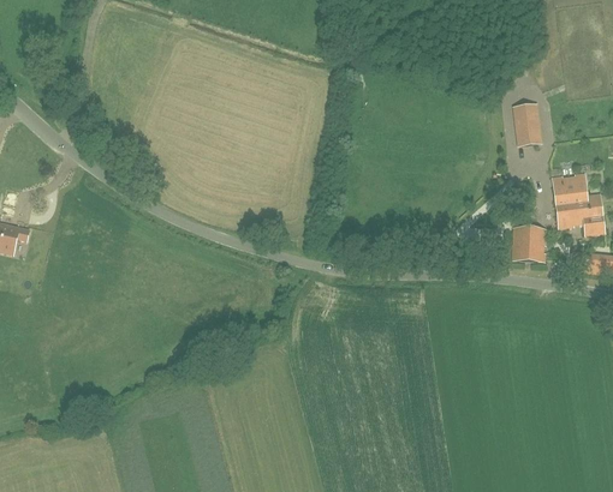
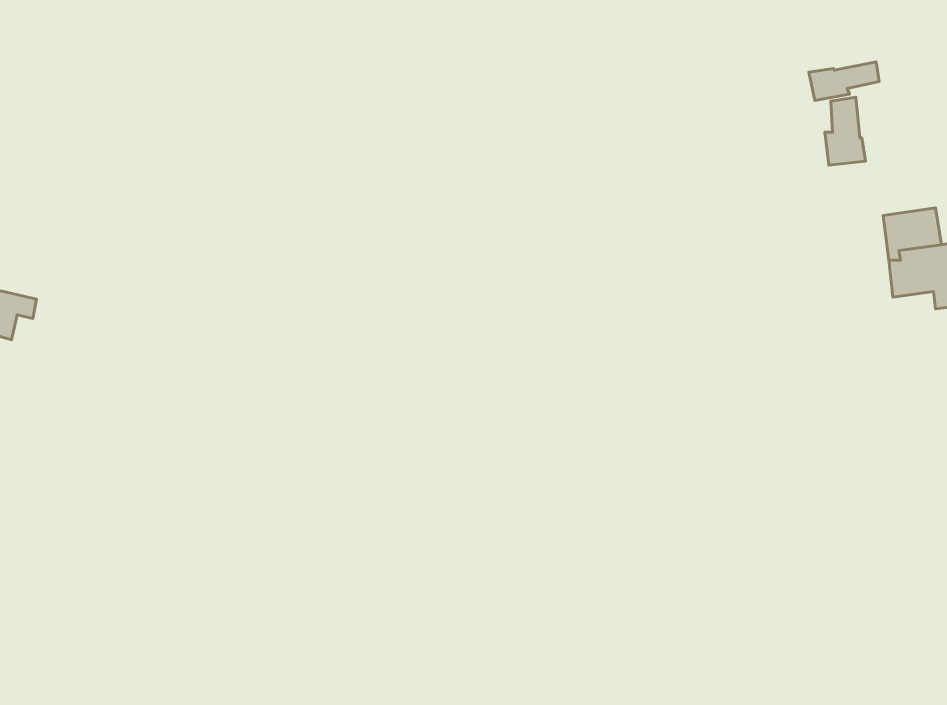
building: none -> [809,62,879,100]
building: [512,227,546,260] -> none

